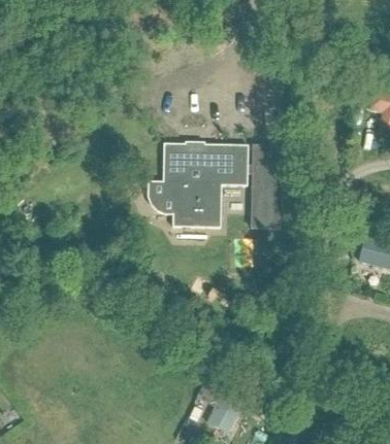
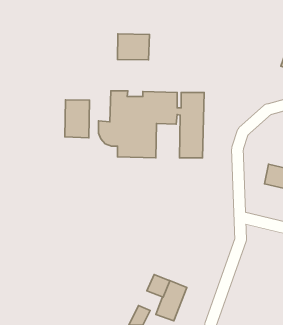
building: none -> [117,34,149,60]
building: none -> [65,100,90,138]

